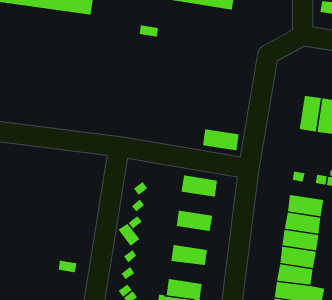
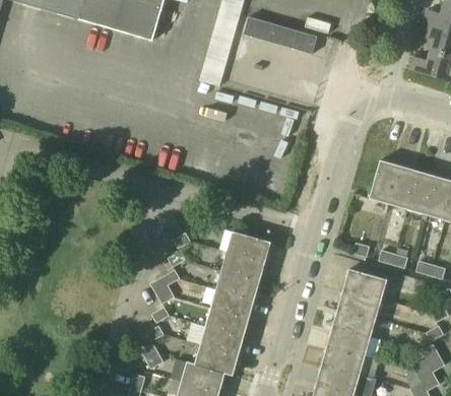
building: [202,128,240,151] -> [221,250,265,280]
building: none -> [210,287,254,318]
building: none -> [200,326,244,355]

